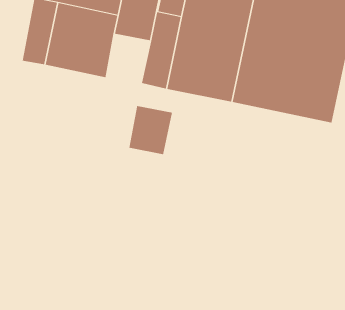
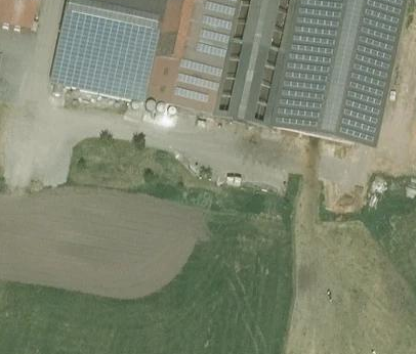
building: [129,106,173,155] -> [143,54,189,104]

